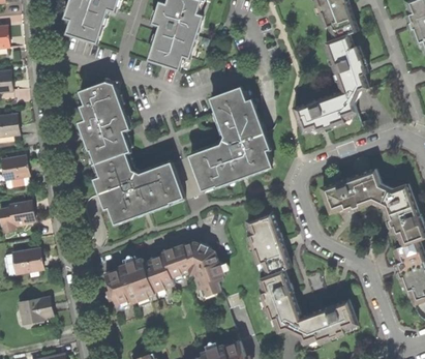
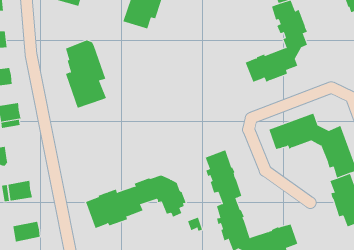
building: [190,88,271,190] -> none
building: [95,153,183,222] -> none
building: [9,202,34,225] -> none

